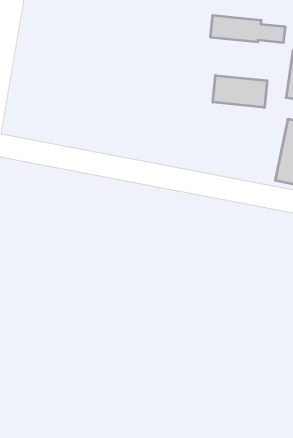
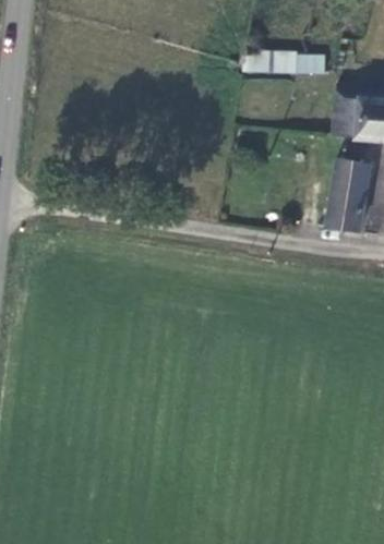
building: [213,75,267,108] -> none

